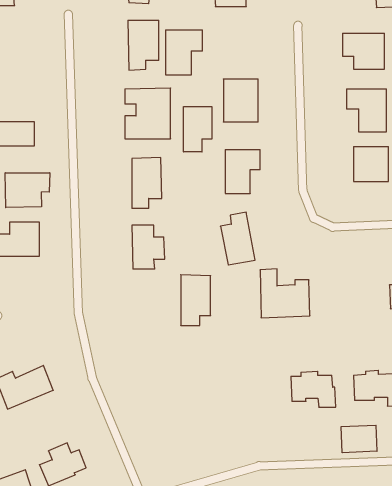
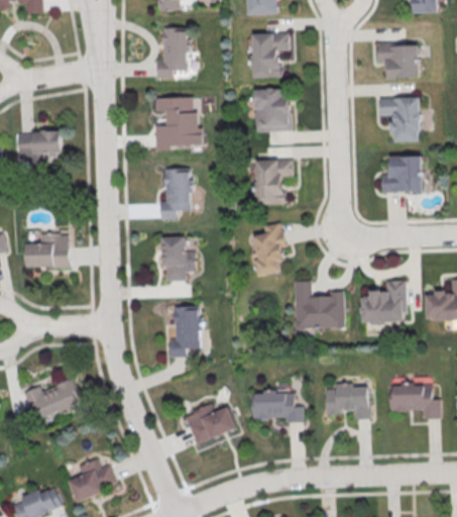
building: [166,30,202,75] -> [252,31,290,77]
building: [184,107,212,152] -> none
building: [5,173,50,208] -> none
building: none -> [359,282,405,326]
building: [181,275,211,325] -> [172,305,202,356]
building: none -> [250,390,301,422]
building: none -> [184,403,235,444]
building: [341,425,377,453] -> none

